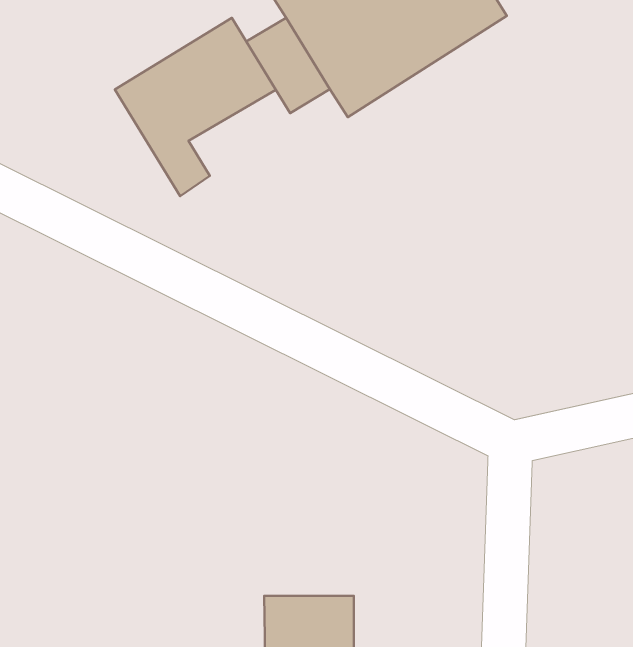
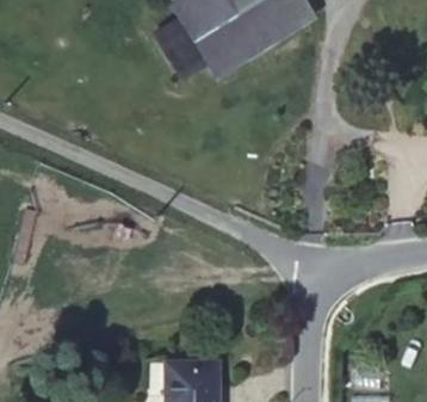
building: [115,18,276,196] -> none

